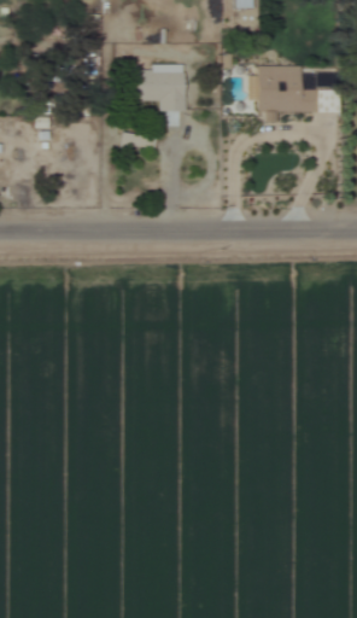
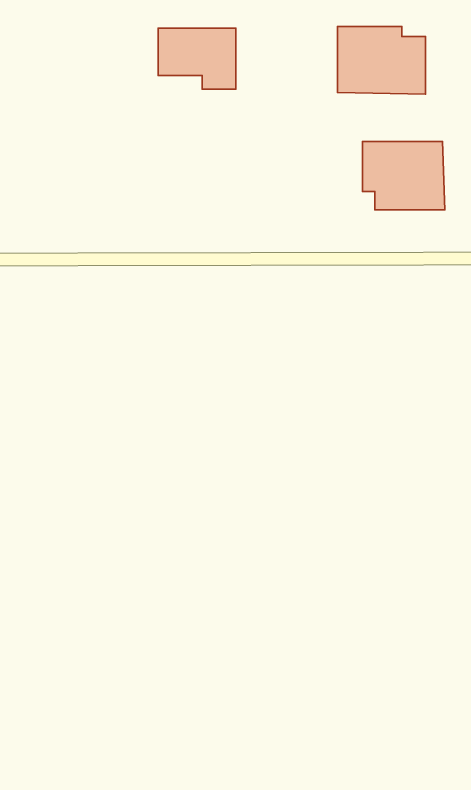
building: none -> [362,142,445,210]

